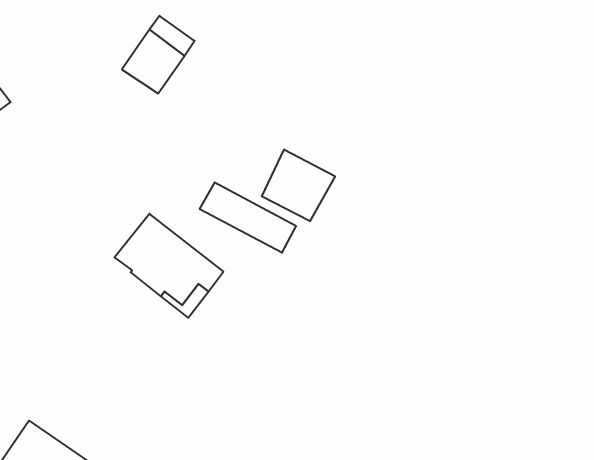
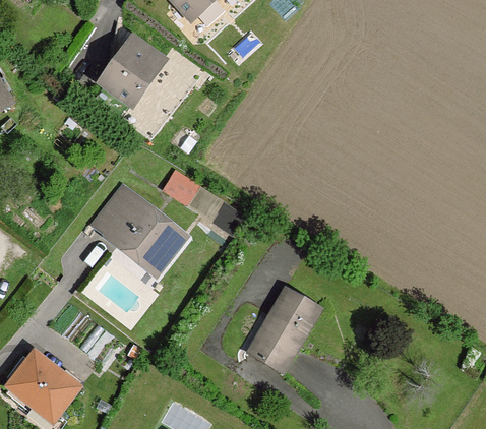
building: [262,149,335,221] -> none
building: none -> [254,288,324,370]

